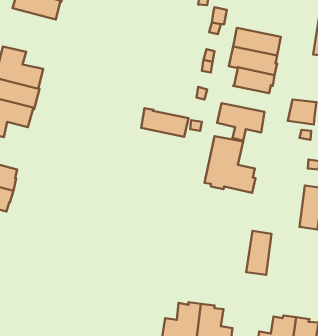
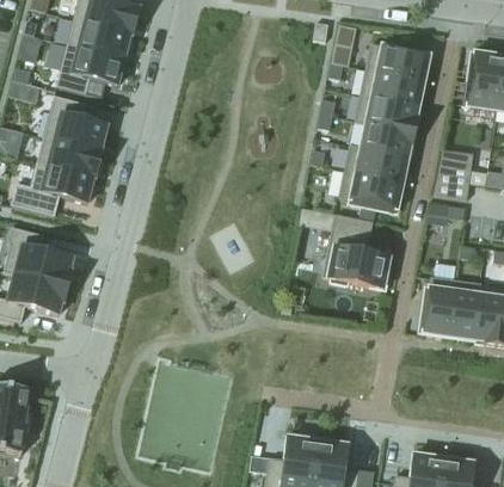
building: none -> [364,42,429,81]
building: none -> [55,43,123,93]
building: [141,108,189,137] -> [344,143,407,181]
building: [246,231,271,275] -> [422,276,455,334]

